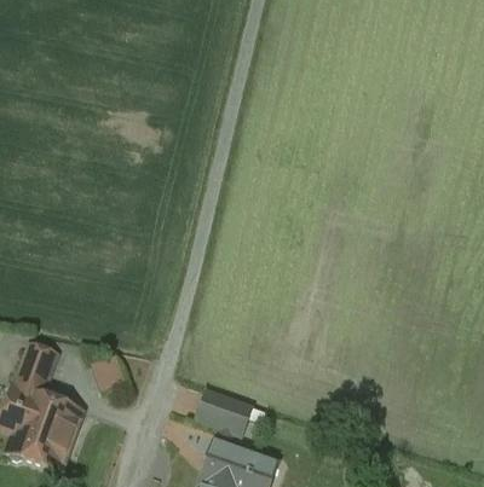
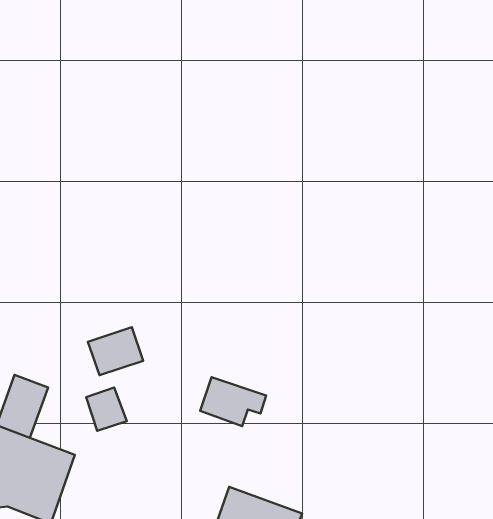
building: none -> [88,327,143,375]
building: [197,389,254,431] -> [200,377,266,426]

